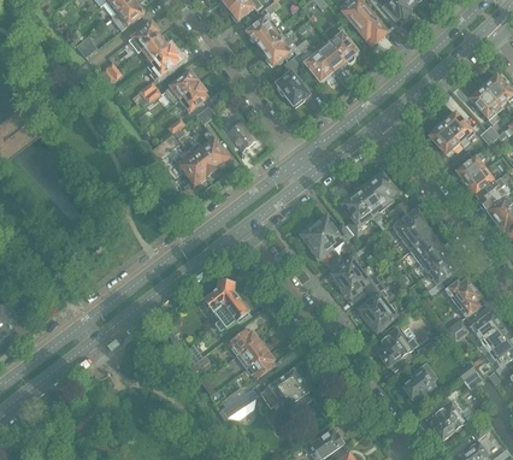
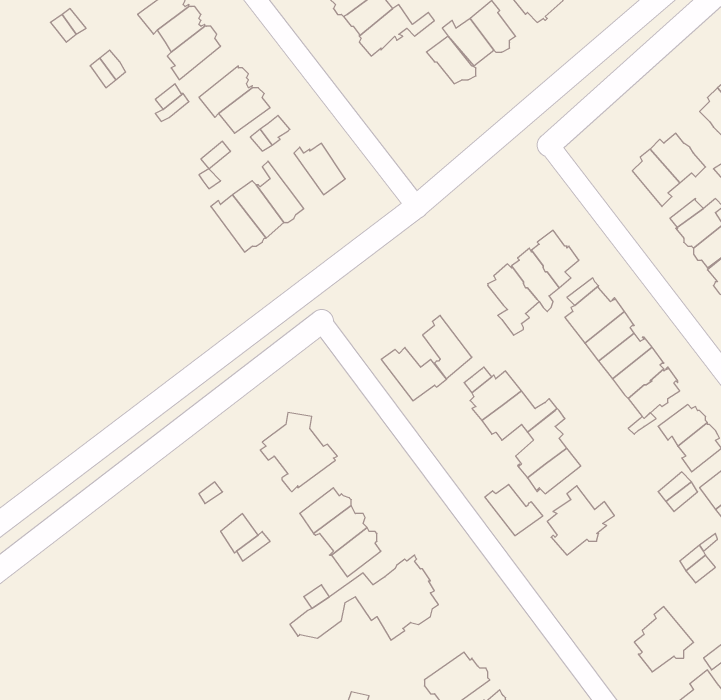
building: [276,58,311,107] -> none
building: [313,216,353,248] -> [381,347,447,401]
building: none -> [485,484,543,536]
building: [402,362,438,400] -> none

